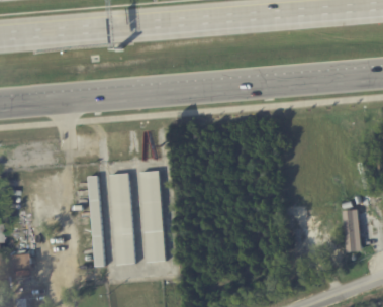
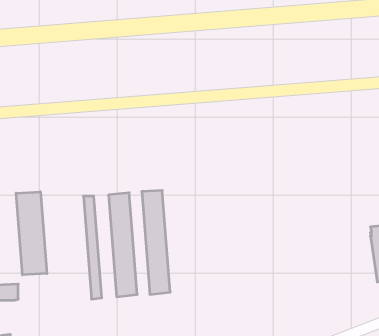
building: none -> [16,192,47,275]

